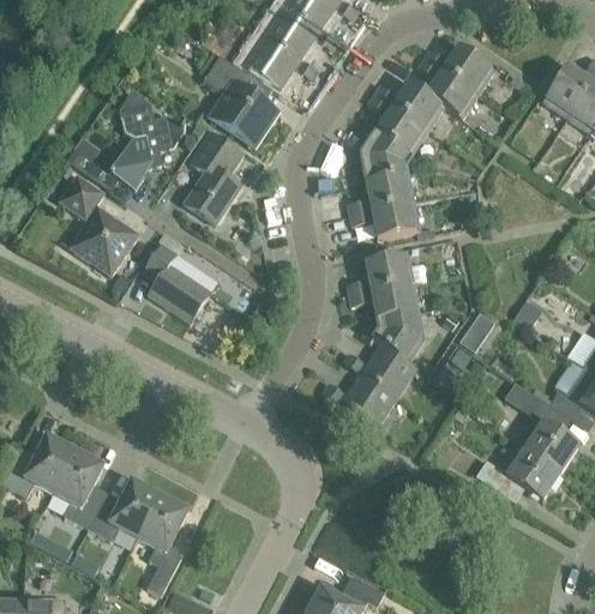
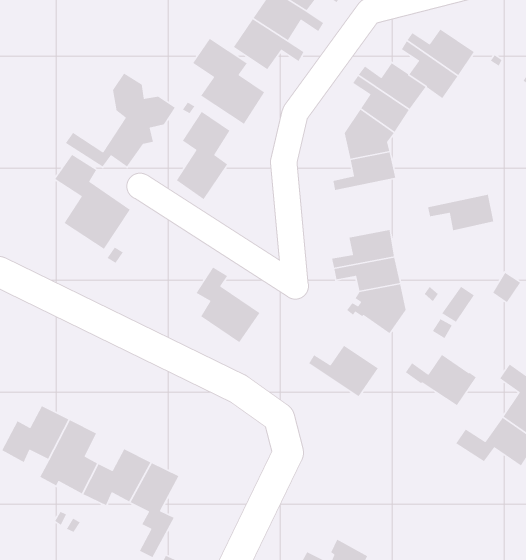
building: [350,200,420,239] -> [427,194,494,231]
building: [144,243,211,323] -> [196,267,260,343]
building: [342,343,416,397] -> [405,354,477,406]

